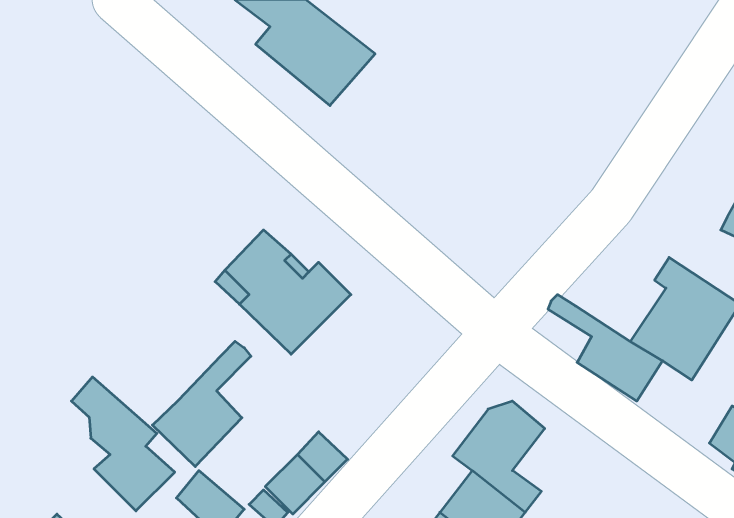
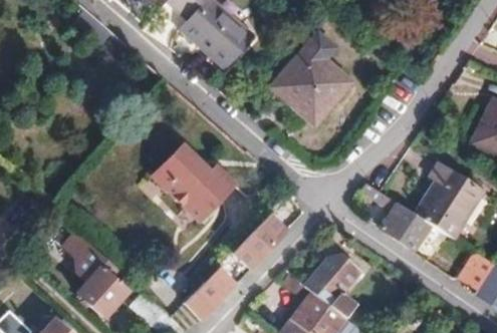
building: none -> [274,44,351,121]
building: [152,341,251,467] -> none
building: none -> [235,216,286,268]

